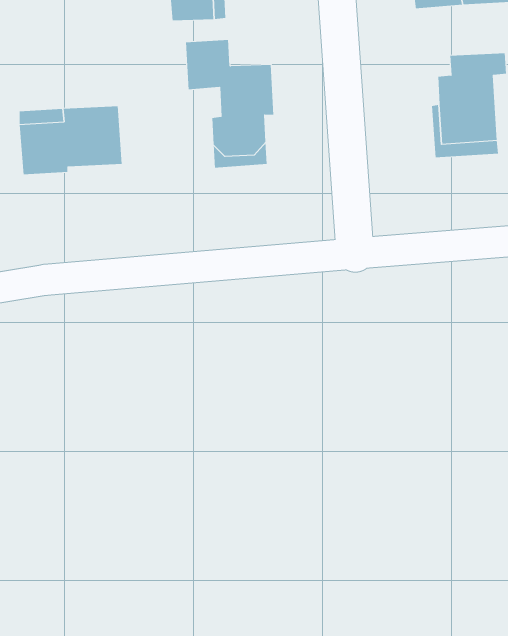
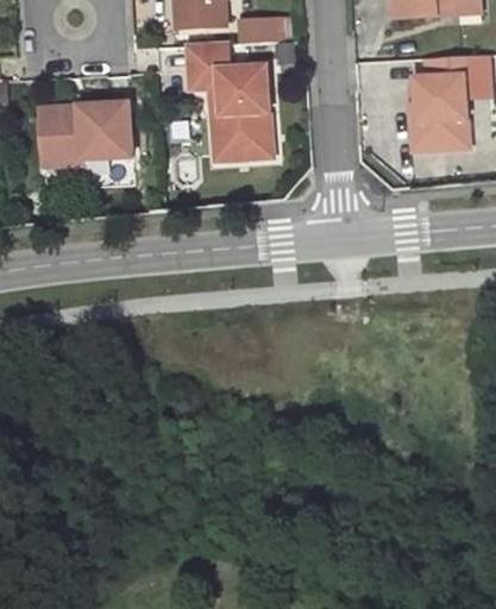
building: none -> [237,15,290,43]

